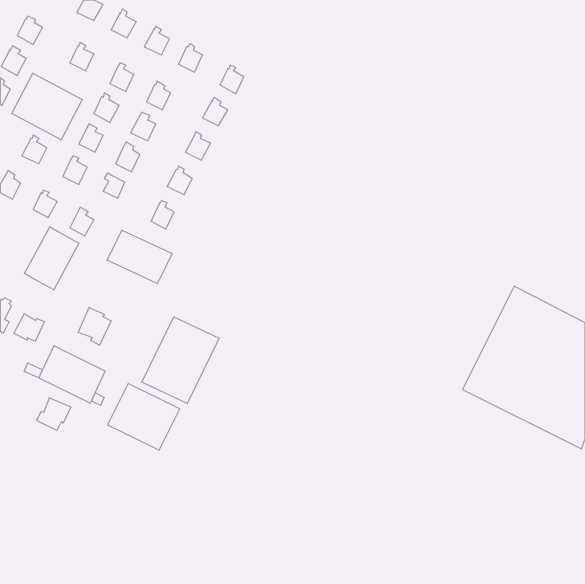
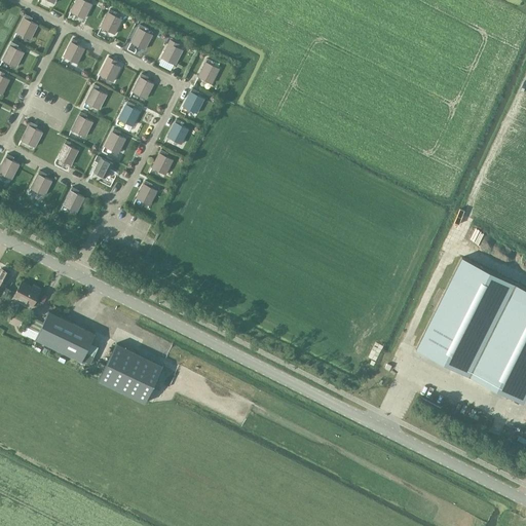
building: [12,73,82,140] -> none
building: [25,227,79,290] -> none
building: [107,230,172,284] -> none
building: [78,307,111,345] -> none
building: [142,317,219,404] -> none
building: [37,398,71,430] -> none

